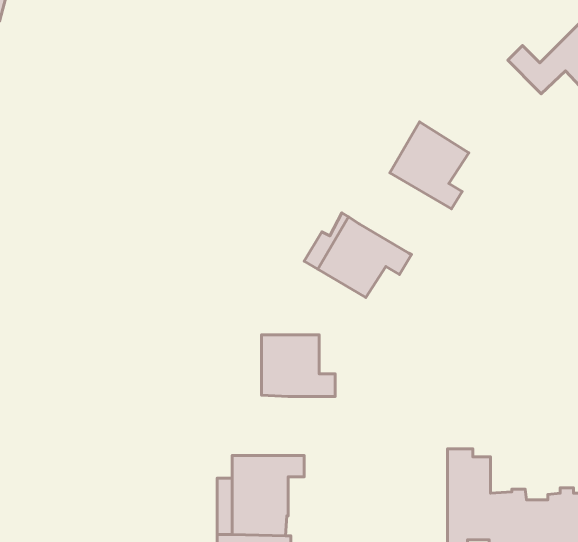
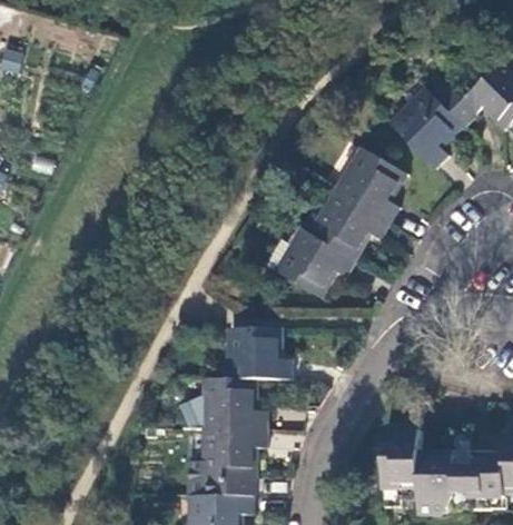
building: none -> [393,90,462,169]
building: none -> [313,192,389,259]
building: none -> [206,377,268,427]

